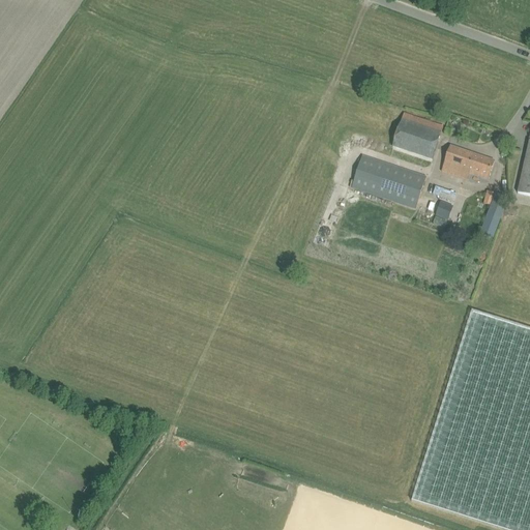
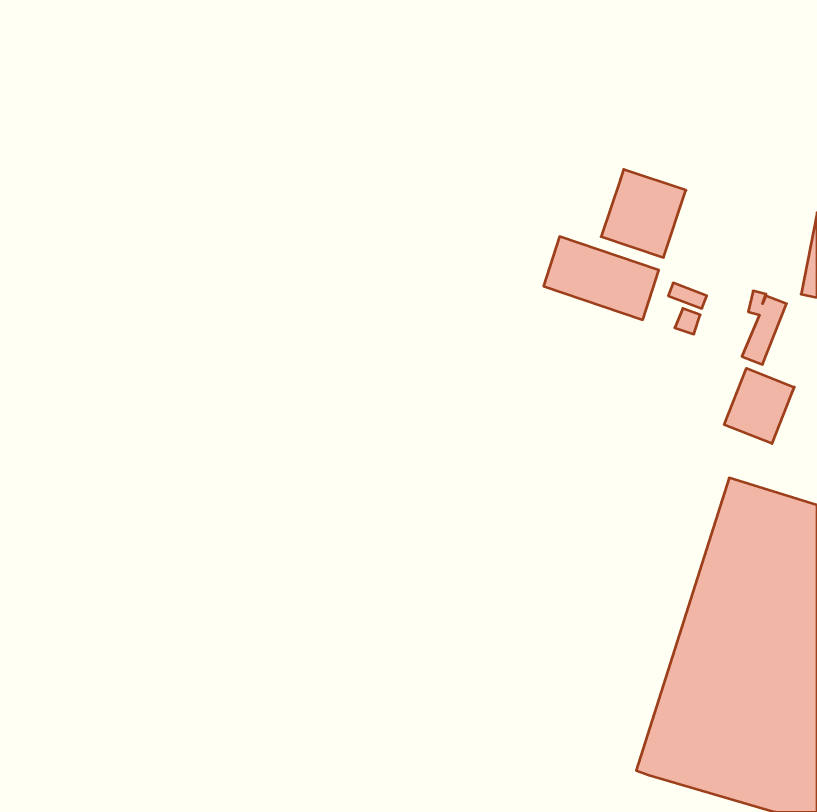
building: [441,144,495,178] -> none
building: none -> [724,368,794,444]

